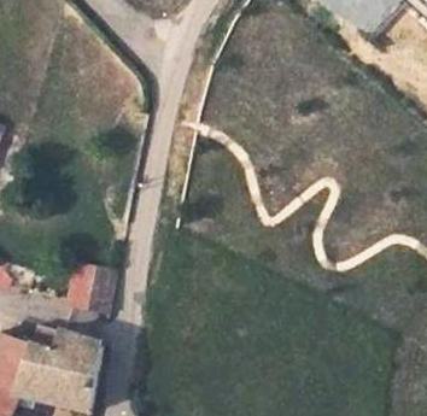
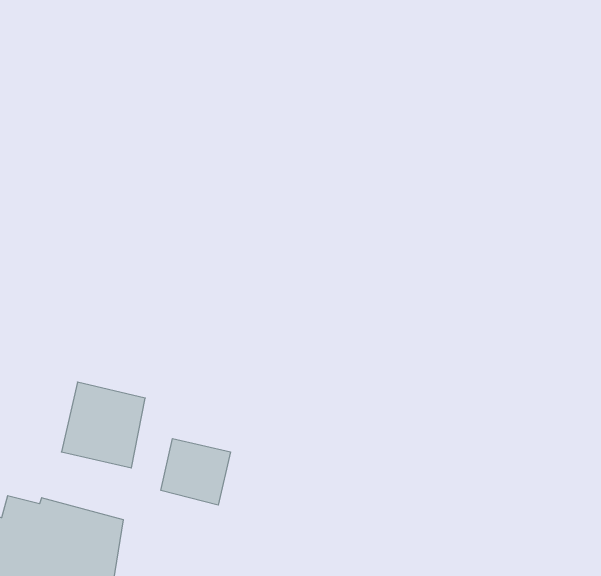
building: none -> [161,439,230,505]

